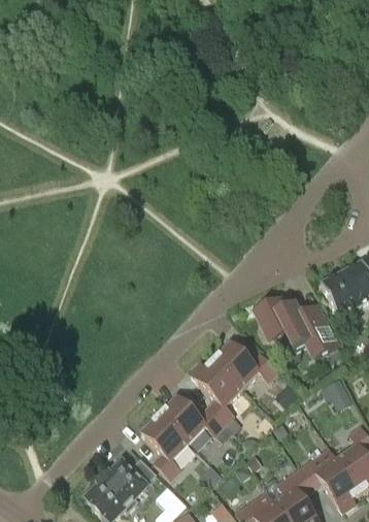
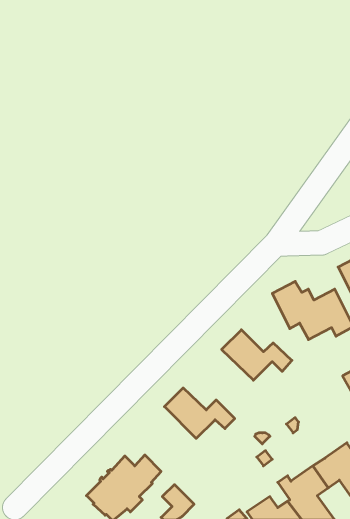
building: [192,360,242,433] -> none
building: [141,414,189,480] -> none

